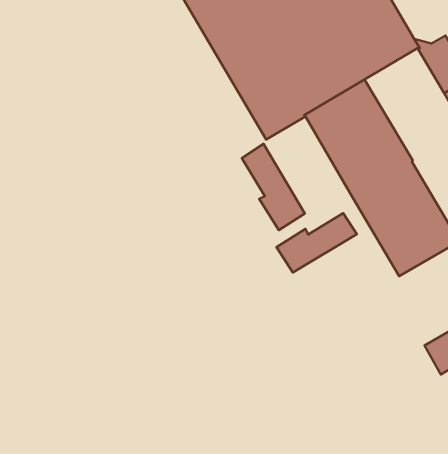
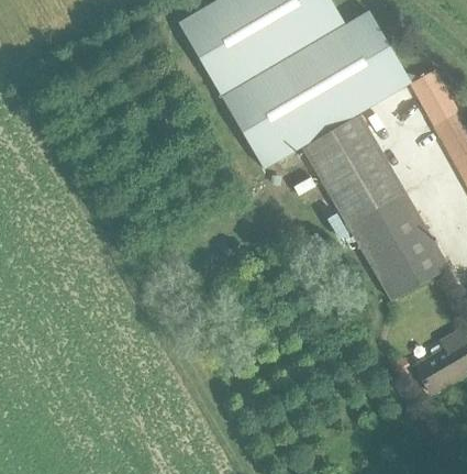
building: [242,144,305,230] -> none
building: [276,213,357,272] -> none

